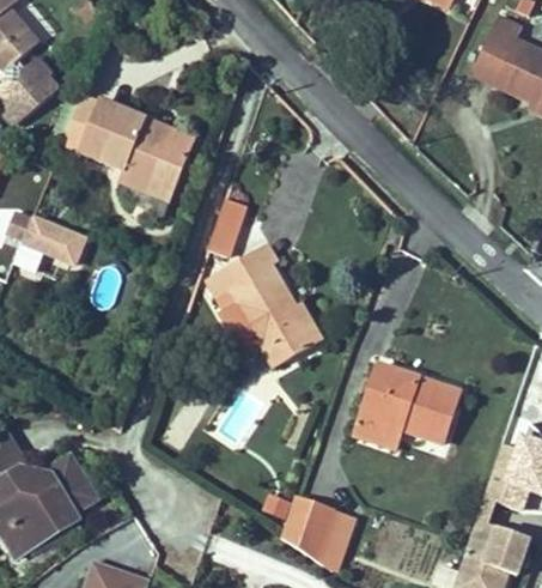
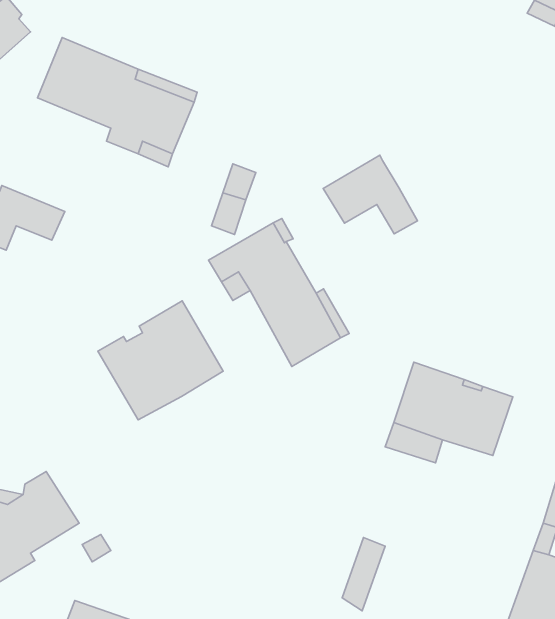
building: none -> [323,155,417,234]
building: none -> [98,301,223,420]
building: [281,496,335,559] -> none

